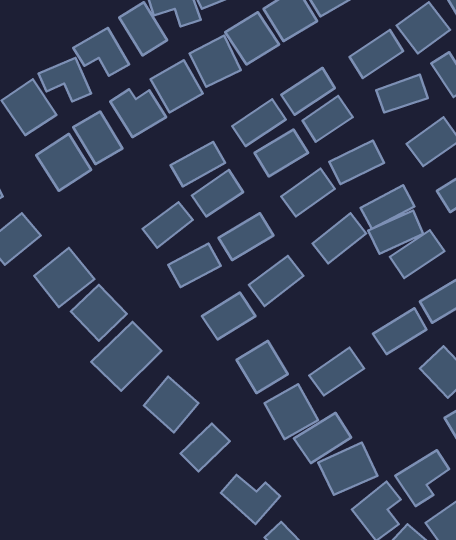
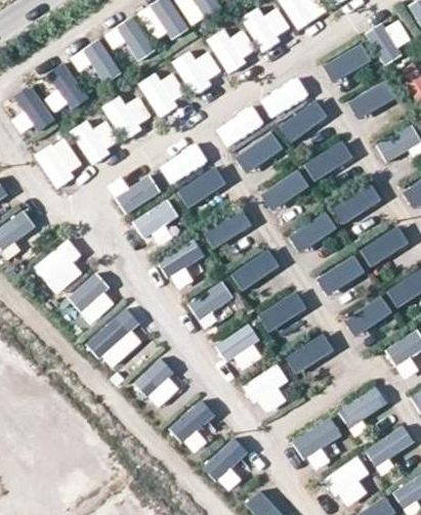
building: none -> [112,172,160,214]
building: [368,210,423,254] -> [313,255,364,295]
building: none -> [258,291,307,335]
building: [294,413,351,463] -> [337,387,389,433]

